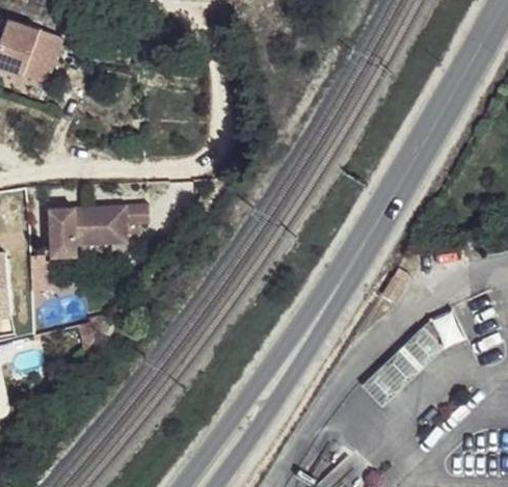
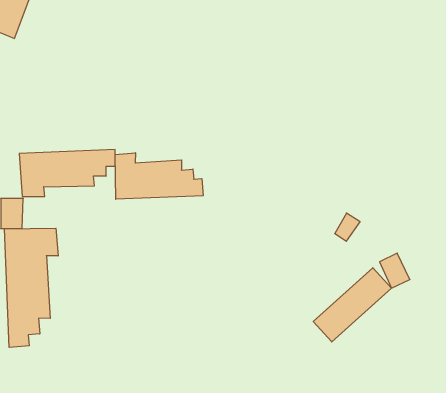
building: none -> [115,153,203,199]
building: none -> [4,228,58,347]

